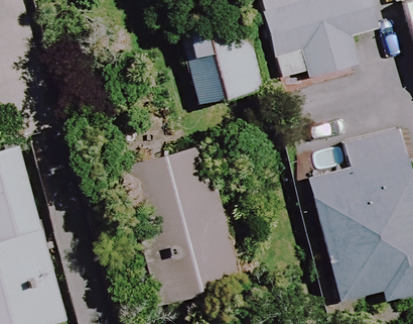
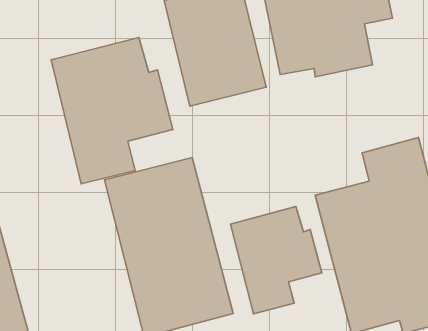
building: none -> [51,38,173,184]
building: none -> [230,207,322,314]

